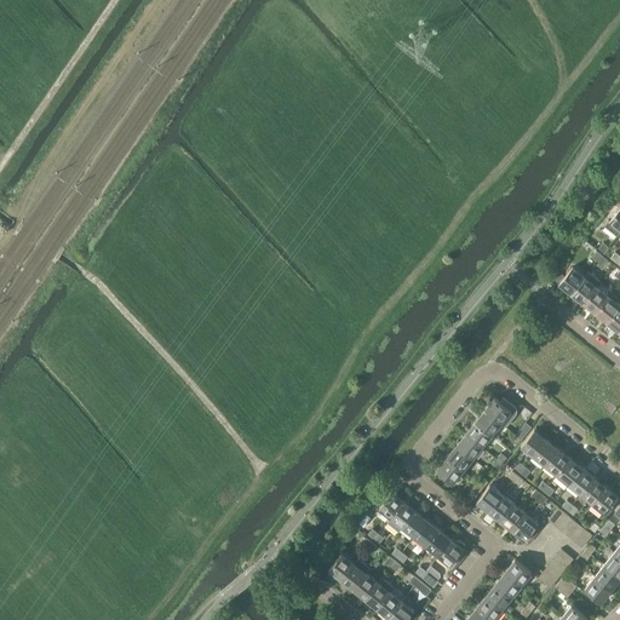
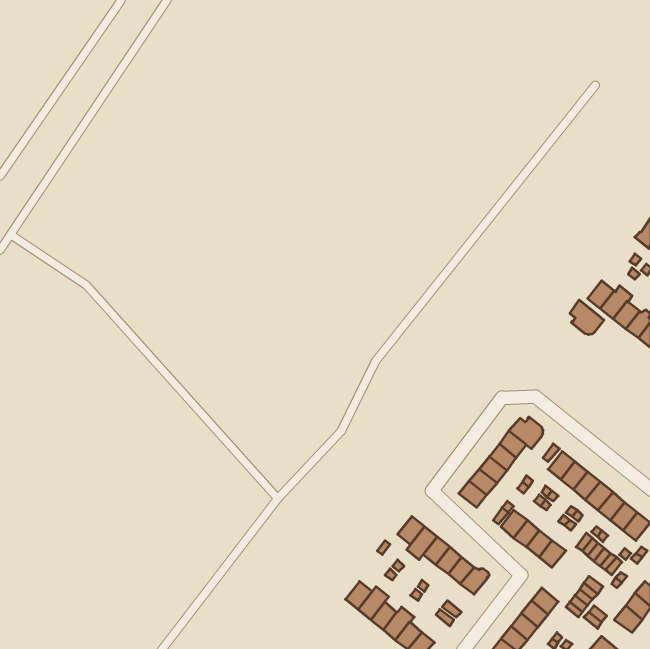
building: none -> [570,300,604,335]

